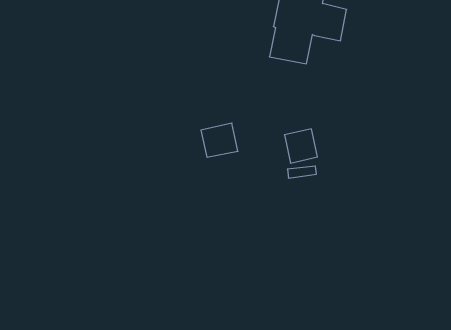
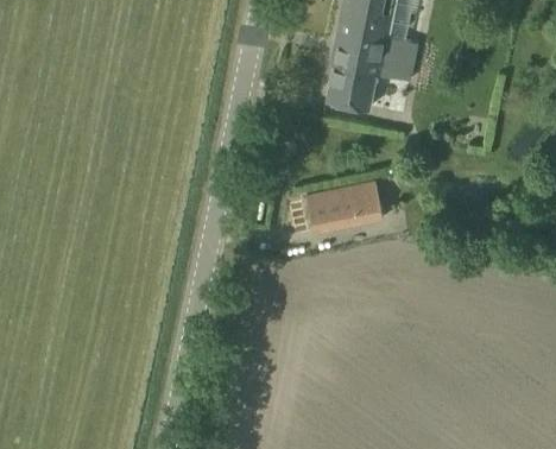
building: [201,123,238,157] -> [307,190,350,230]

